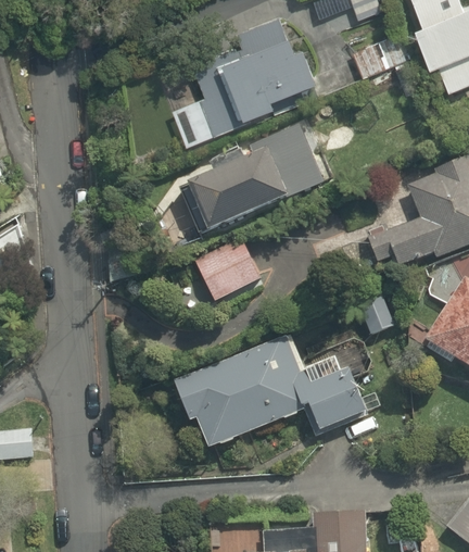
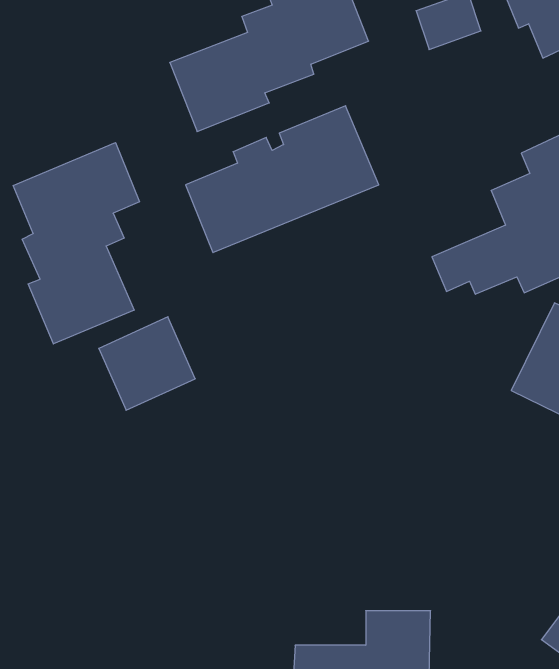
building: none -> [13,143,140,344]
building: [193,234,266,304] -> [99,317,195,410]
building: [166,335,366,453] -> none

